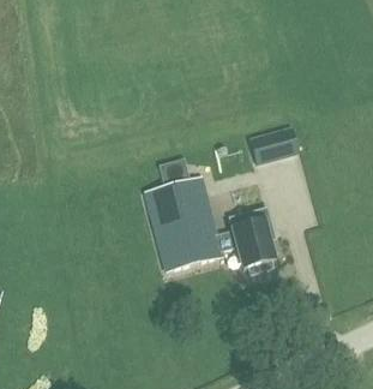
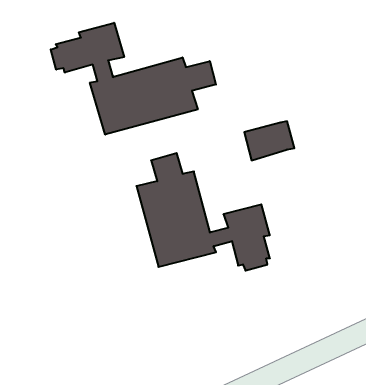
building: none -> [51,23,216,135]

